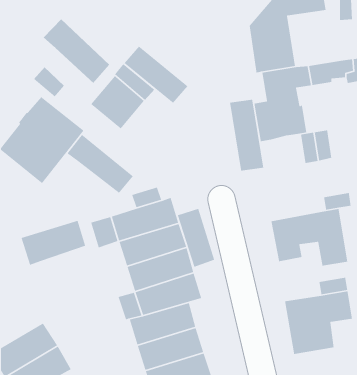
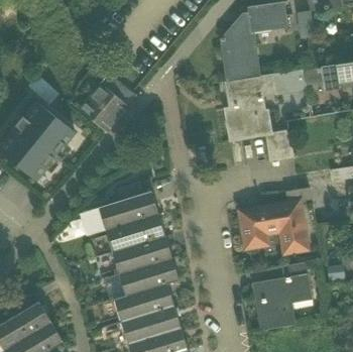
building: [43,18,110,84] -> none
building: [123,45,189,104] -> none
building: [229,99,264,171] -> none
building: [67,134,134,194] -> none
building: [177,208,215,268] -> none
building: [20,220,86,266] -> none

